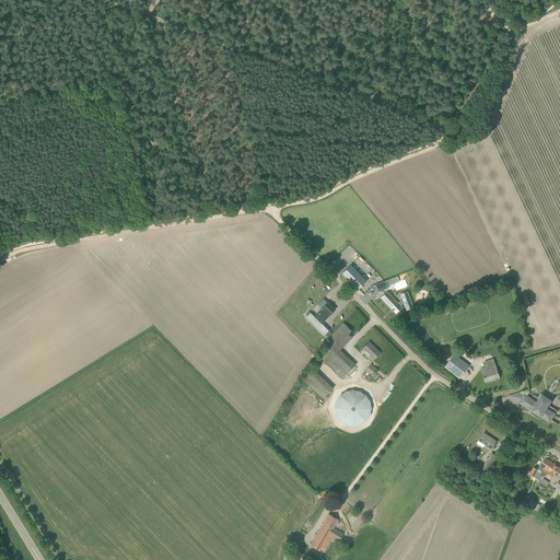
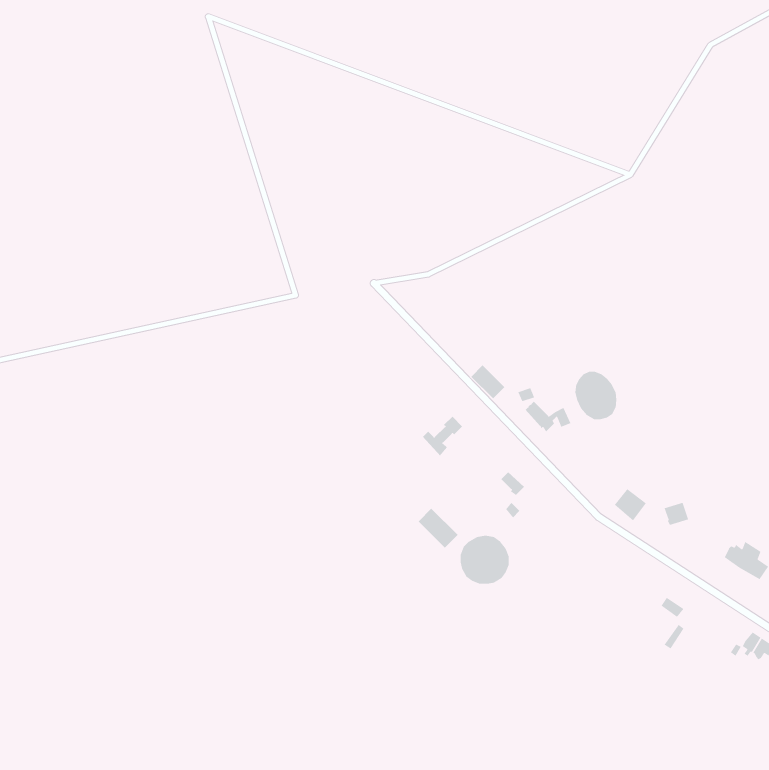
building: none -> [575,371,617,420]
building: [322,342,357,377] -> none
building: [311,514,343,551] -> none

